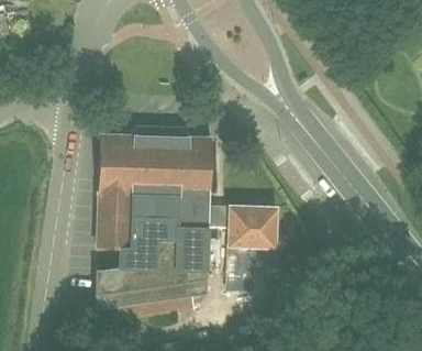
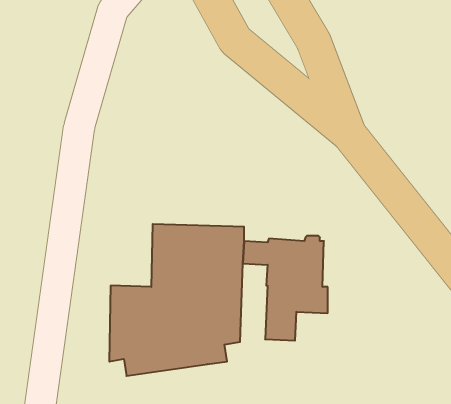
building: [98,134,212,246] -> none

